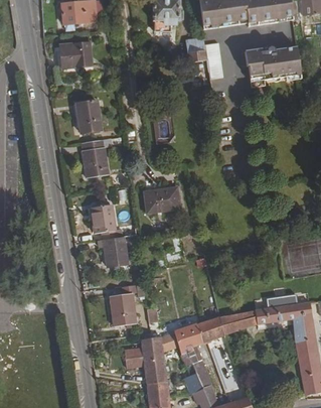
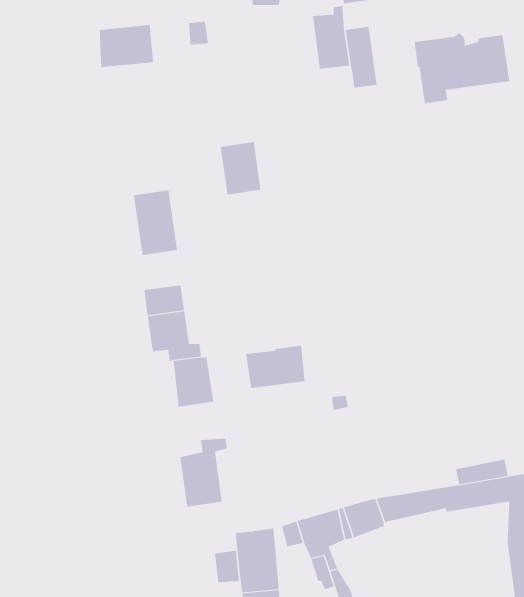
building: [75,99,100,130] -> [220,142,261,195]
building: [144,187,179,213] -> [245,345,305,388]

